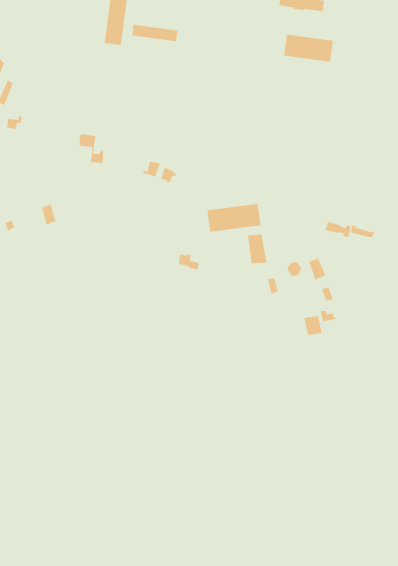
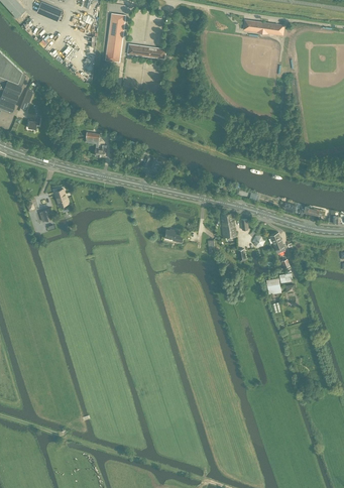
building: [284,34,333,63] -> none
building: [207,203,261,232] -> none

